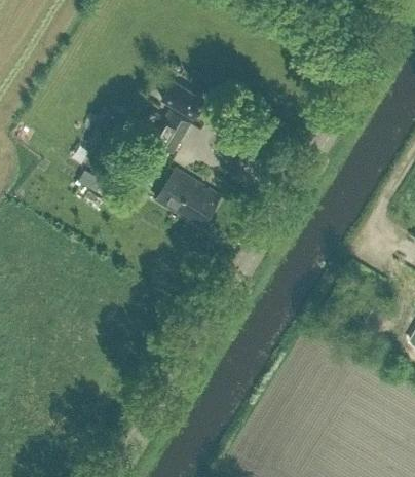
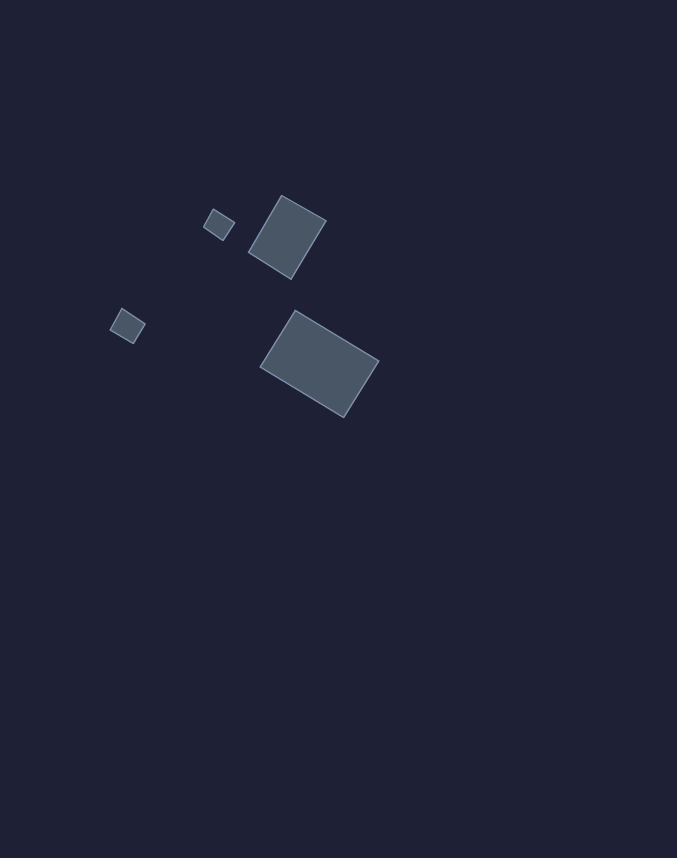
building: [160,80,206,120] -> none

